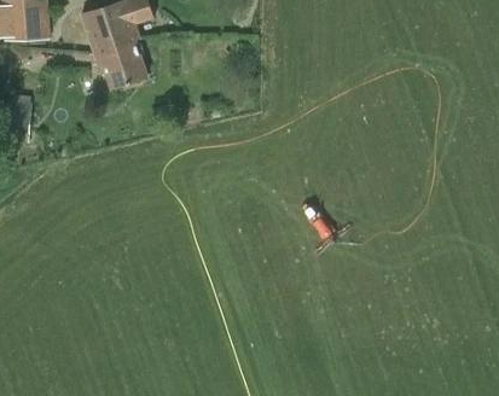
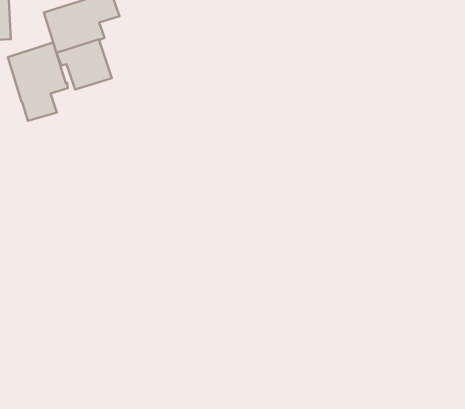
building: none -> [8,42,68,121]

